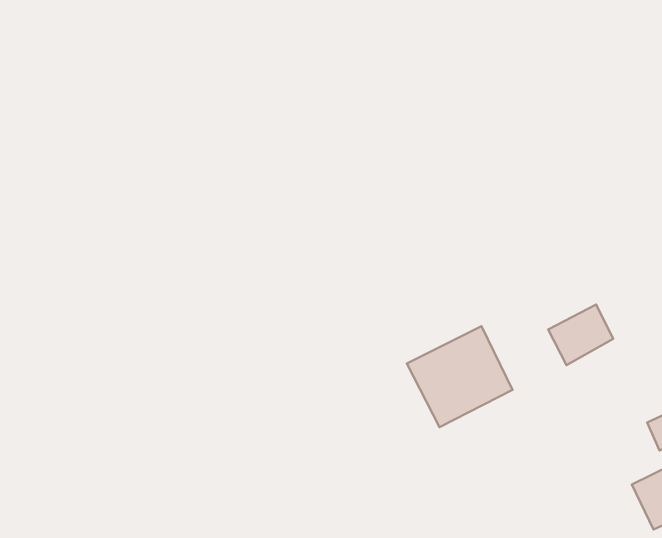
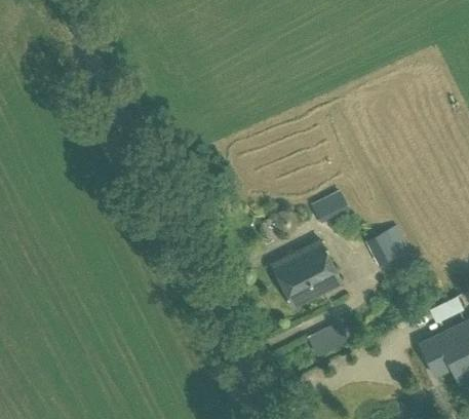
building: none -> [312,191,349,224]
building: none -> [308,321,348,356]

